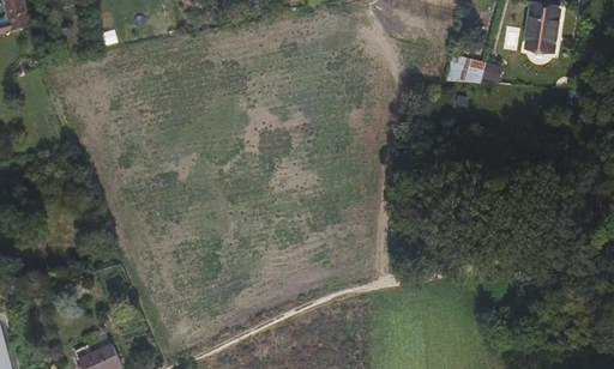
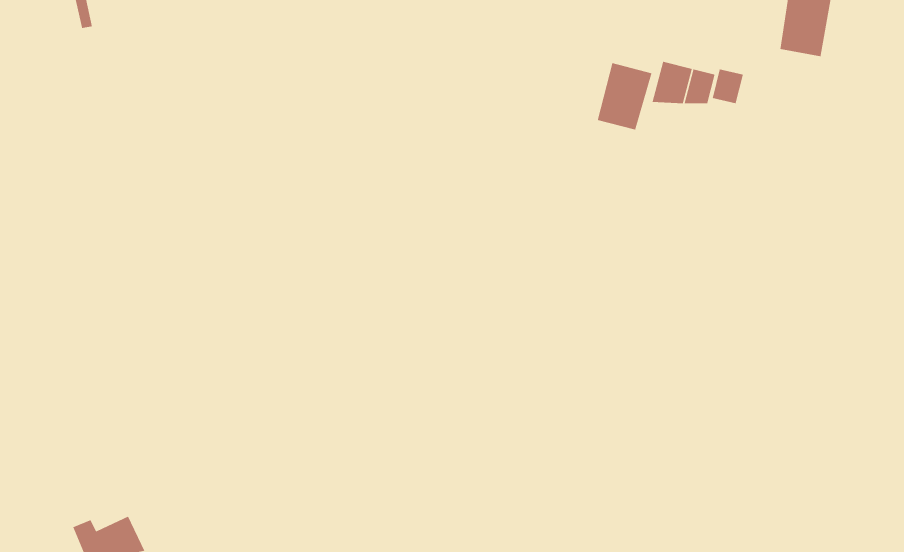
building: none -> [597,62,653,130]

